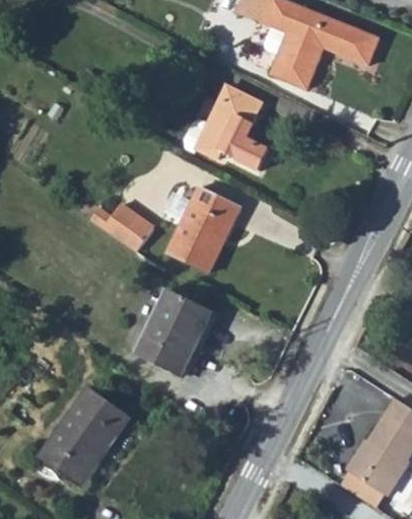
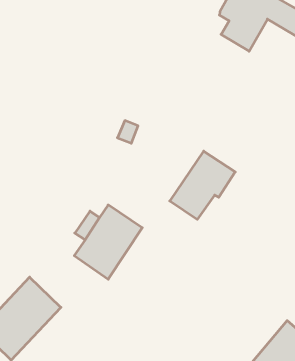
building: [196,85,267,167] -> none
building: [167,188,239,269] -> [170,151,235,219]
building: [89,204,153,251] -> none

